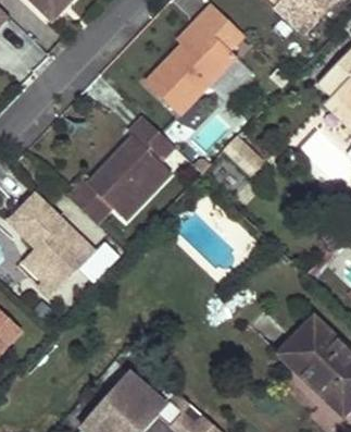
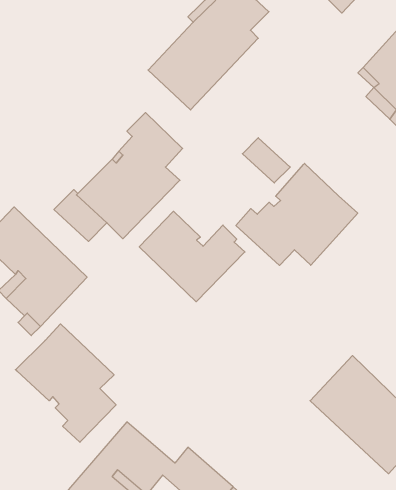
building: none -> [236,163,358,265]
building: none -> [139,211,245,302]
building: none -> [15,324,116,442]

